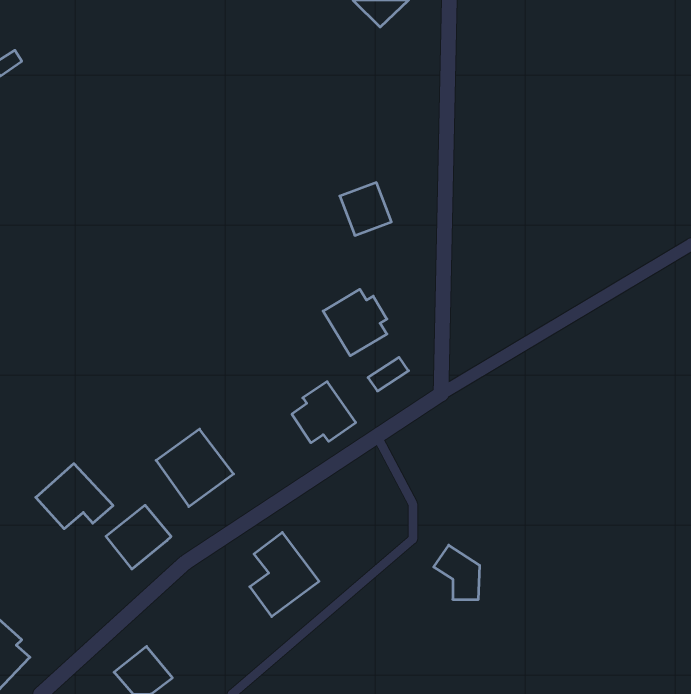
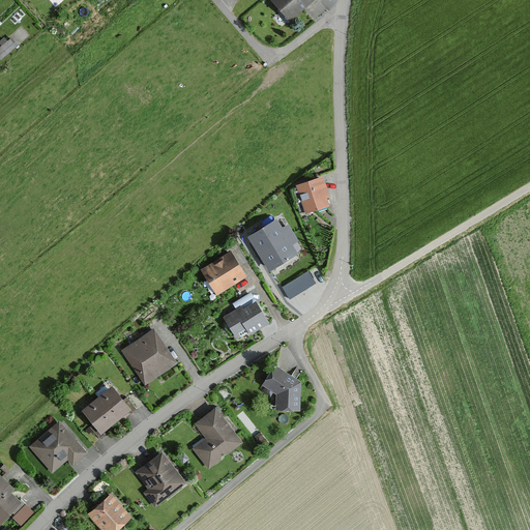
building: [340,183,391,235] -> [294,173,333,213]
building: none -> [199,241,247,296]
building: [36,464,113,529] -> [29,420,88,470]
building: [434,545,480,599] -> [262,367,297,409]
building: none -> [136,451,184,507]

